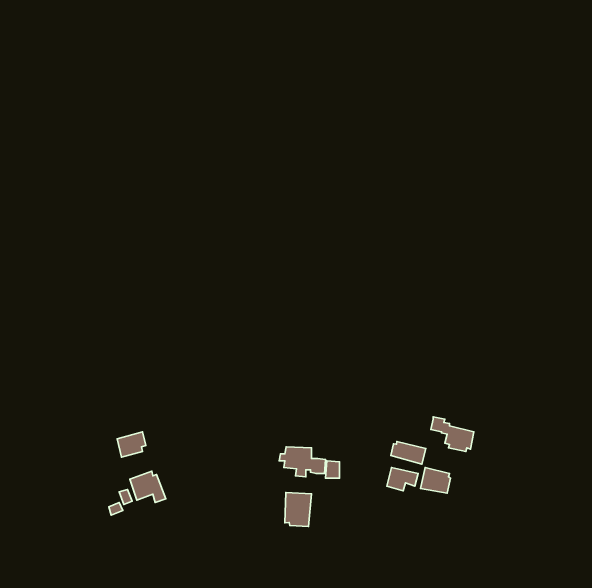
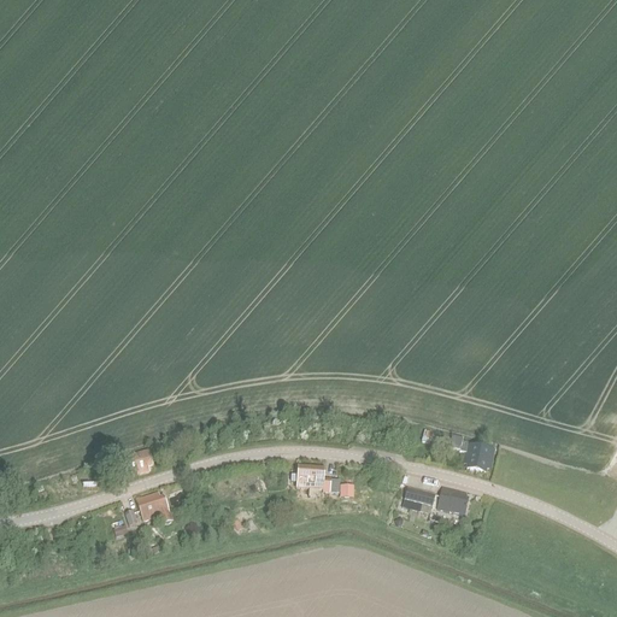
building: [391,441,426,464] -> none
building: [285,493,311,526] -> none

